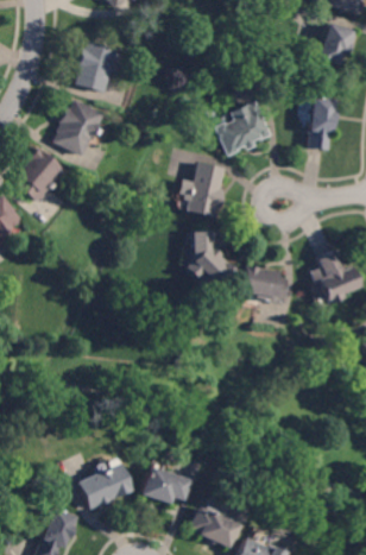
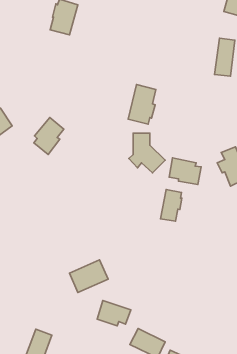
building: [53,100,102,156] -> none
building: [216,102,272,154] -> none
building: [18,149,61,201] -> [34,117,64,154]
building: none -> [161,190,182,221]
building: [78,462,133,509] -> [69,260,108,293]

